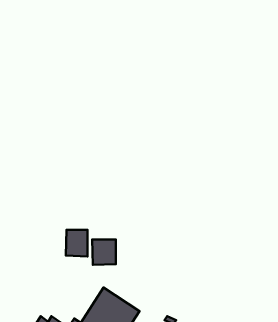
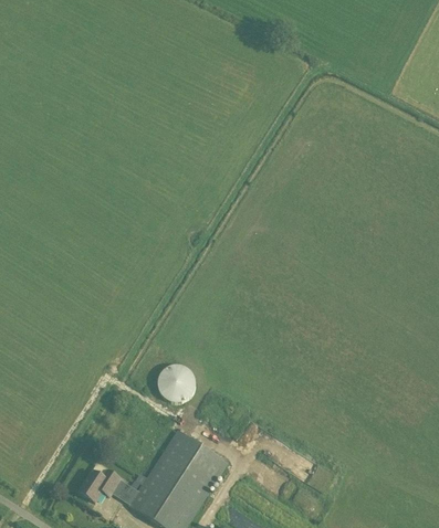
building: [66,230,88,256] -> none

